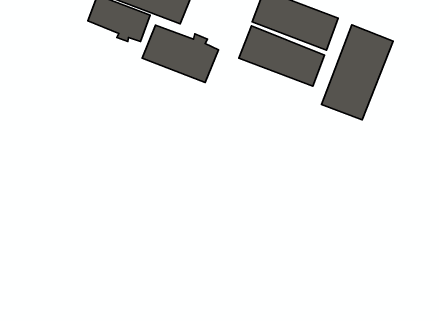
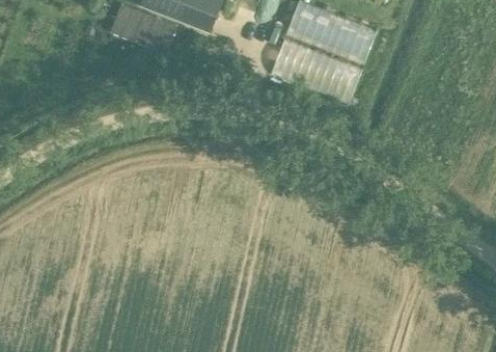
building: [321,25,393,120] -> none
building: [142,25,219,83] -> none

